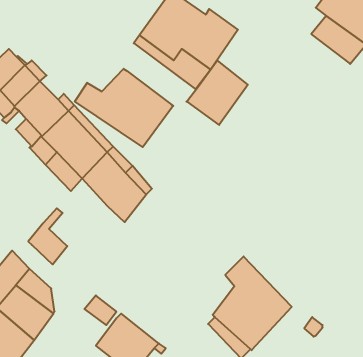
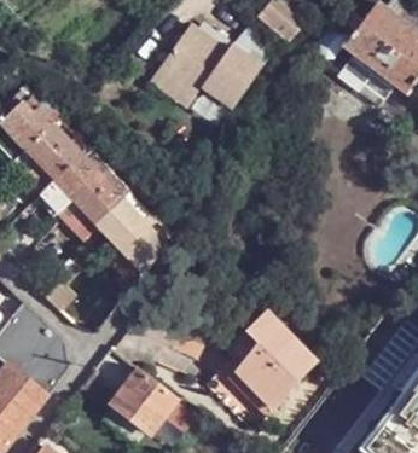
building: [186,60,248,125] -> none
building: [75,69,173,147] -> none

